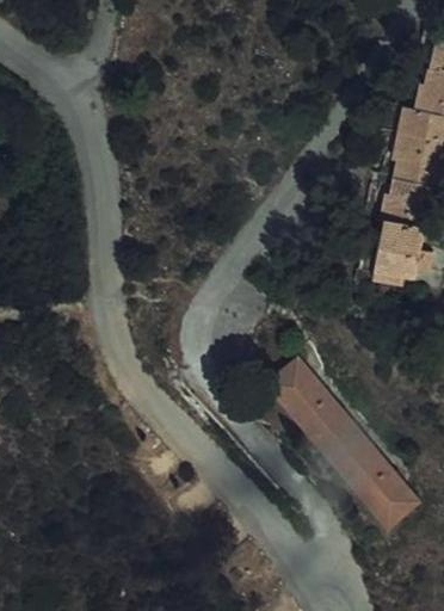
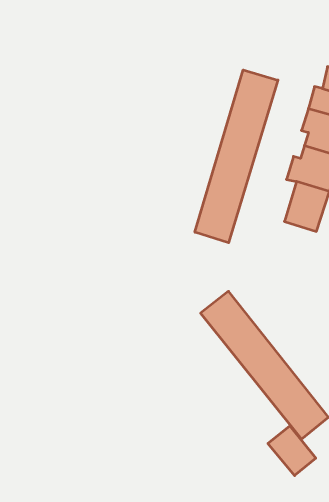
building: none -> [195,70,278,243]
building: none -> [268,426,316,476]

